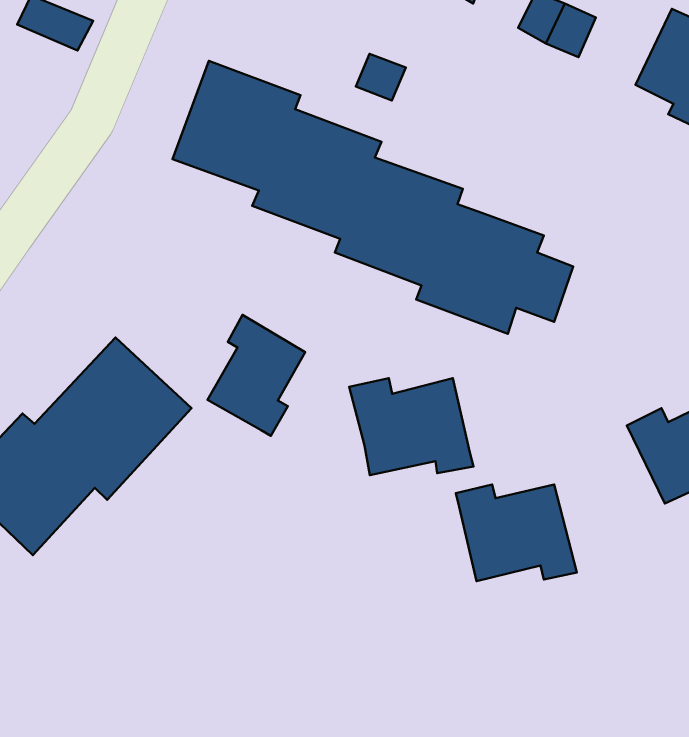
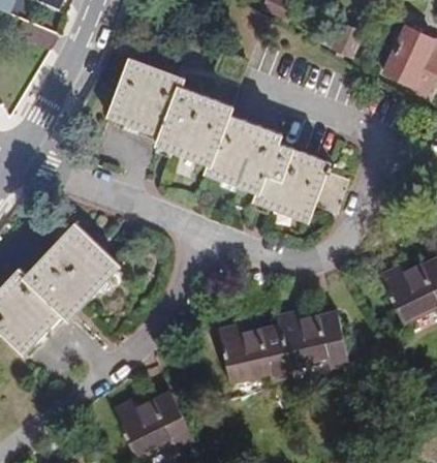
building: [207,315,305,436] -> none
building: [349,378,473,475] -> [217,325,291,382]
building: none -> [113,392,193,458]

